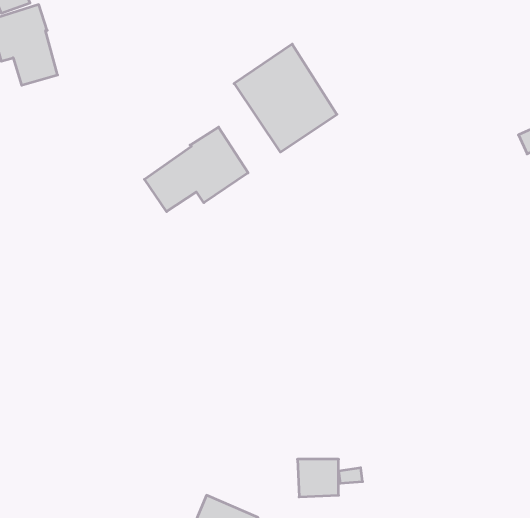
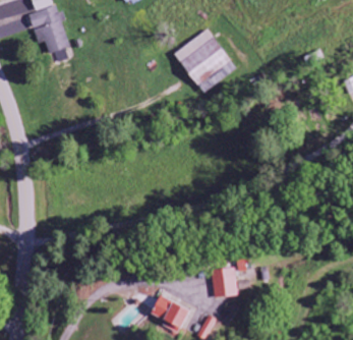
building: [144,127,248,212] -> none

